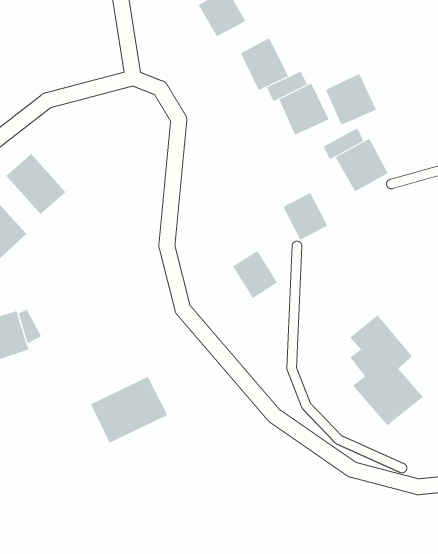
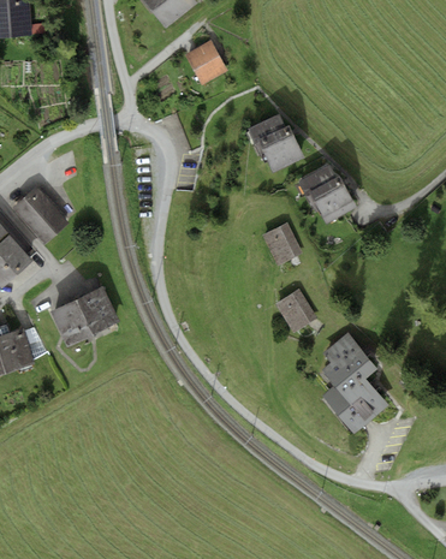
building: [240,38,289,91] -> none
building: [325,73,377,125] -> none
building: [232,250,278,299] -> [275,290,316,333]
building: [90,376,168,443] -> [49,286,119,346]

